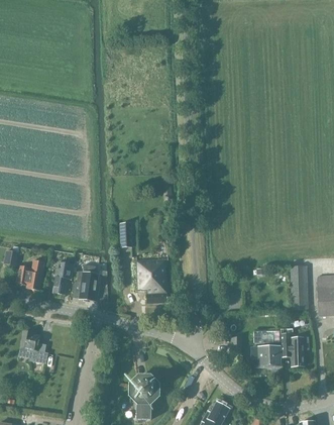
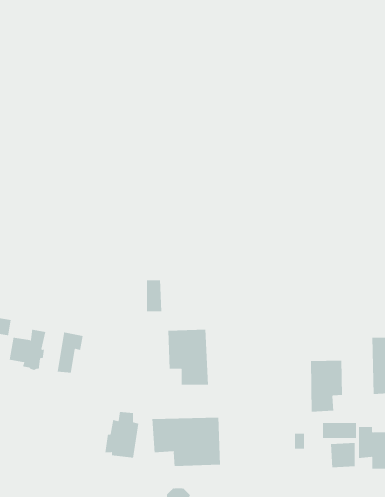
building: [73,264,99,300] -> [105,411,139,458]
building: none -> [310,360,343,412]
building: none -> [152,417,221,467]
building: [20,330,47,362] -> none

